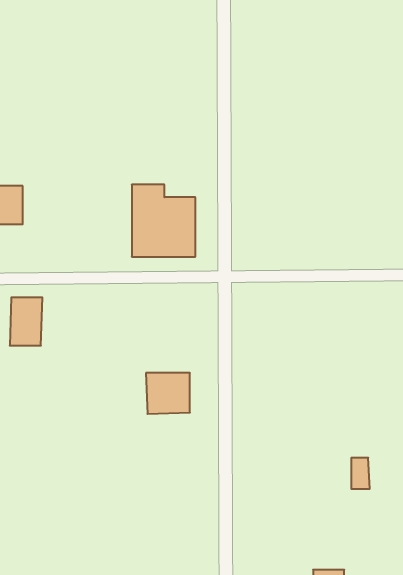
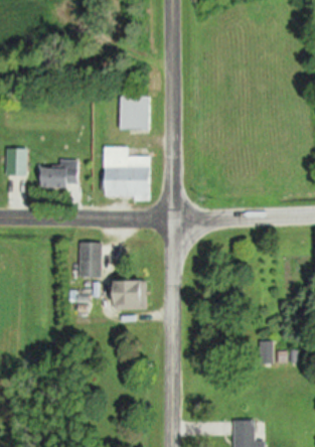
building: none -> [120,97,148,130]
building: none -> [40,160,77,186]
building: [10,297,42,346] -> [78,243,102,277]

